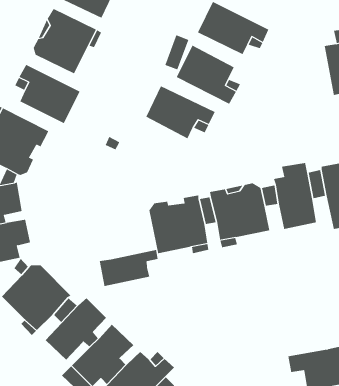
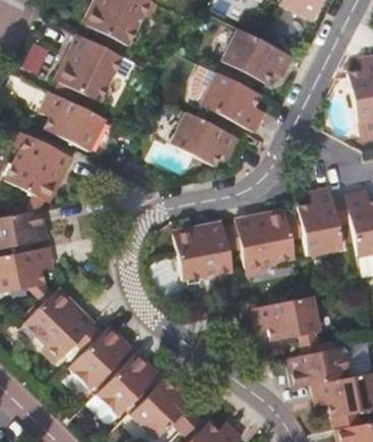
building: [99,249,158,287] -> none
building: none -> [254,296,322,341]
building: none -> [288,344,352,388]

